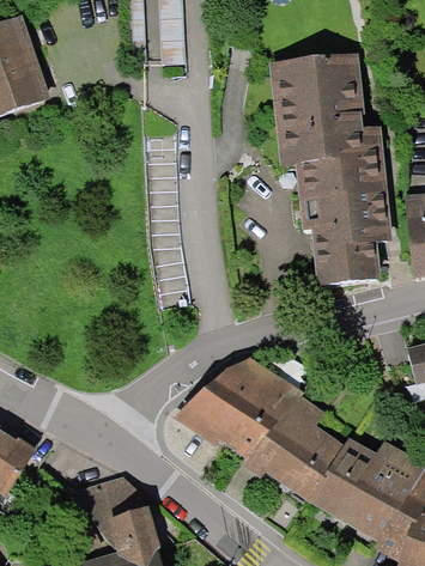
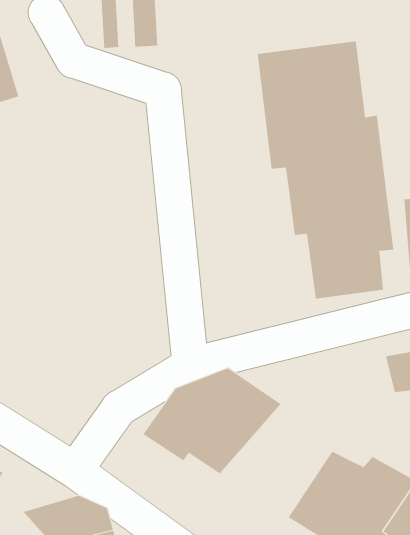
building: [236,390,344,494] -> none

